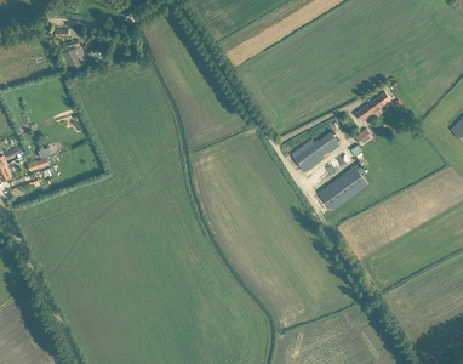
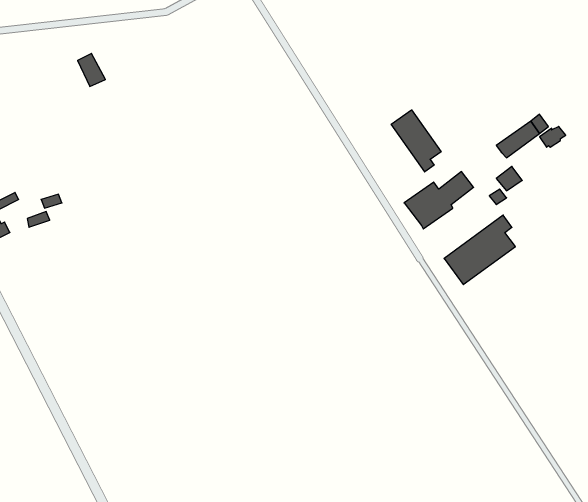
building: none -> [391,110,441,172]

